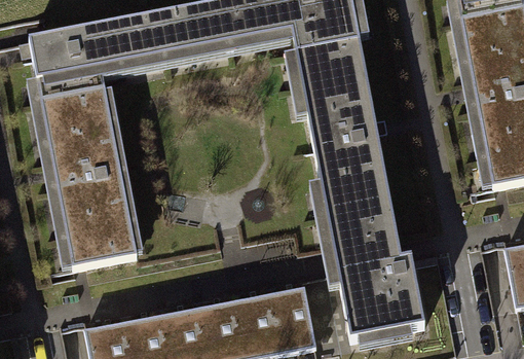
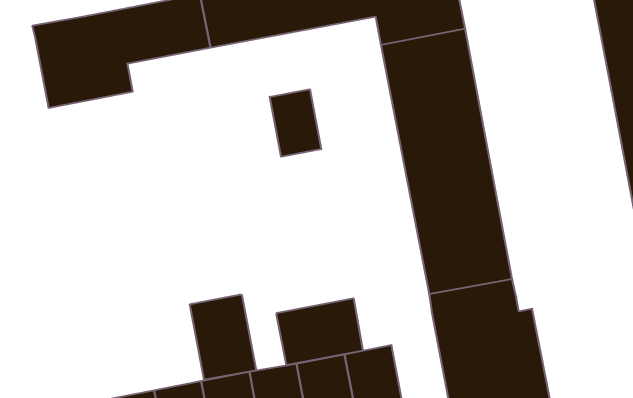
building: none -> [270,89,321,157]
building: [41,92,138,270] -> none
building: none -> [190,294,256,380]
building: none -> [276,298,363,365]

